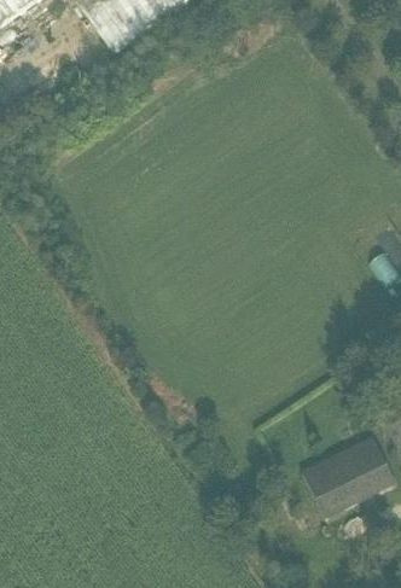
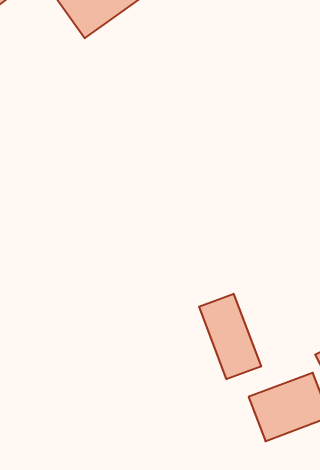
building: none -> [199,294,261,379]

